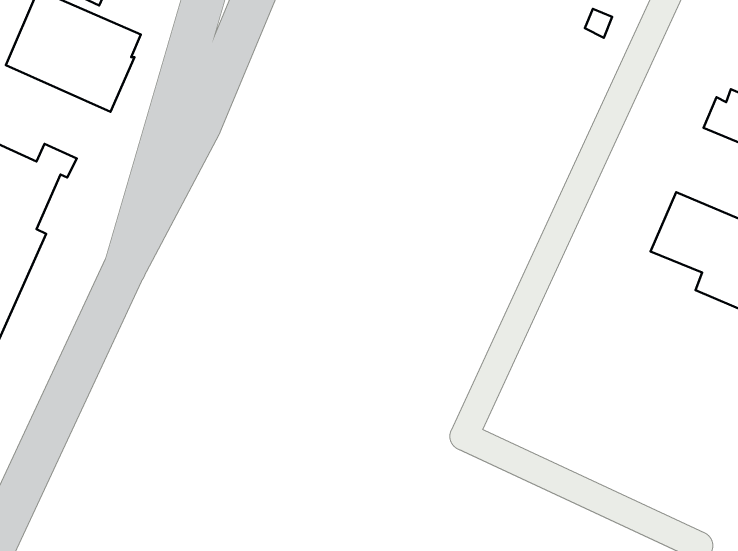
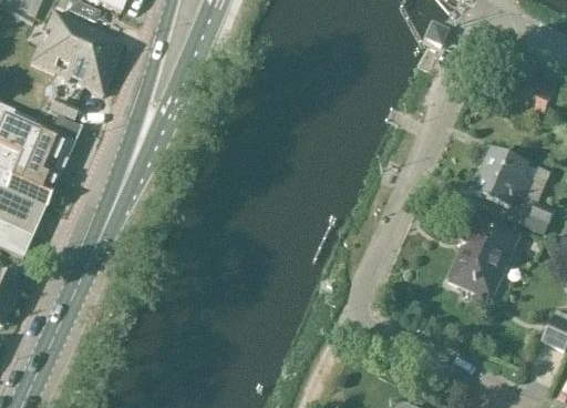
building: none -> [450,220,513,295]

